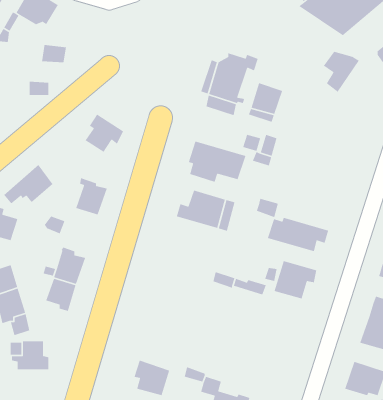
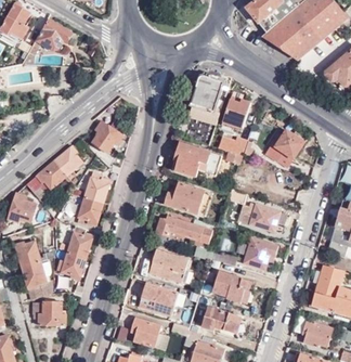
building: [323,51,360,93] -> [275,133,304,167]
building: none -> [55,145,83,177]
building: none -> [78,196,103,224]
building: none -> [156,215,211,242]
building: none -> [149,248,188,281]
building: none -> [213,271,251,305]
building: none -> [140,282,179,314]
building: none -> [201,305,243,334]

